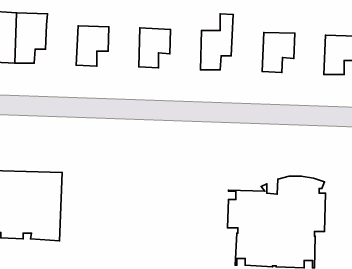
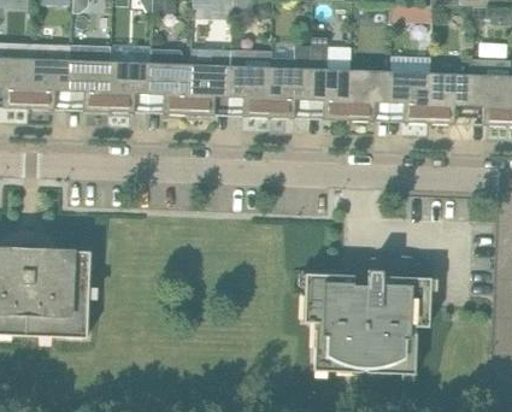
building: none -> [308,46,351,119]
building: none -> [229,51,271,117]
building: none -> [69,59,111,111]
building: none -> [149,61,190,113]
building: none -> [389,70,430,123]

